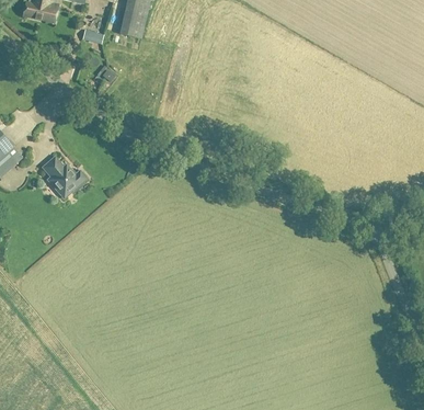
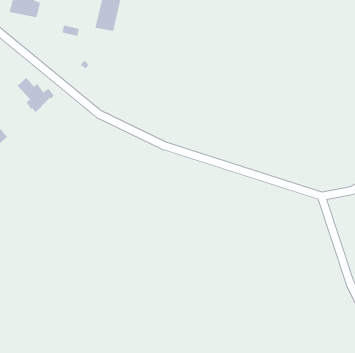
building: [43,156,85,196] -> [17,77,55,113]

